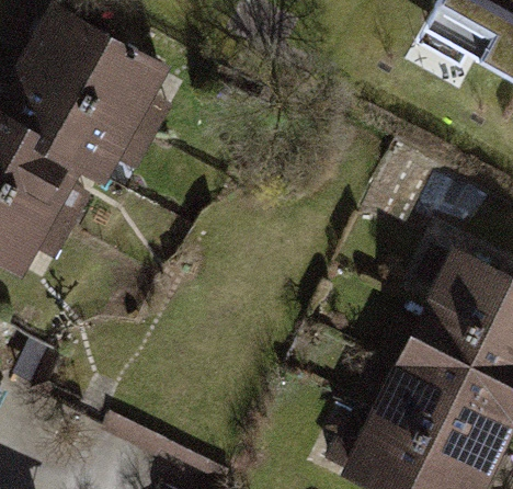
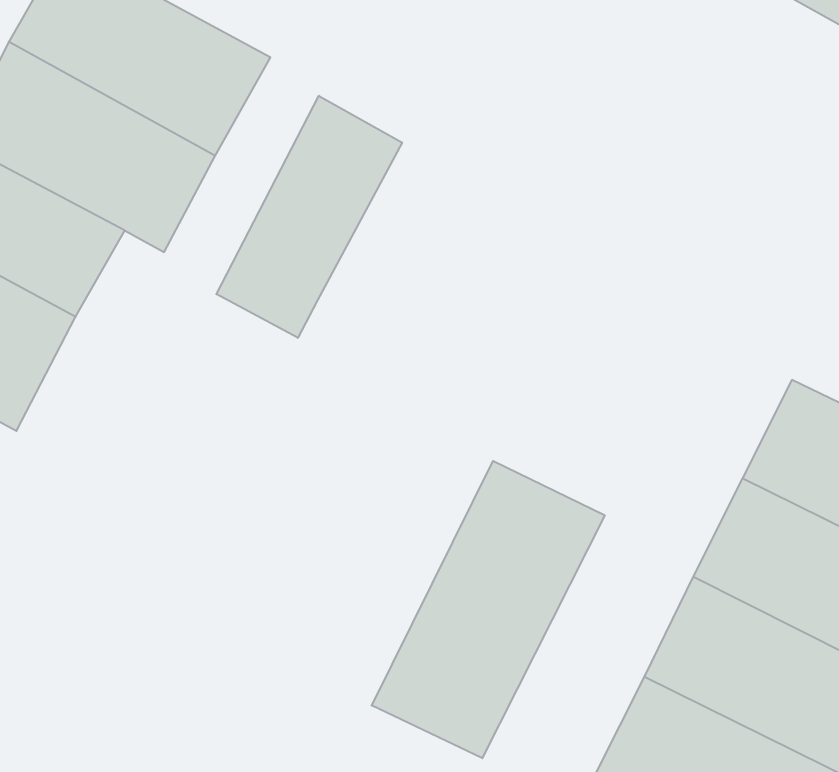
building: none -> [216,96,402,338]
building: none -> [372,461,605,758]

